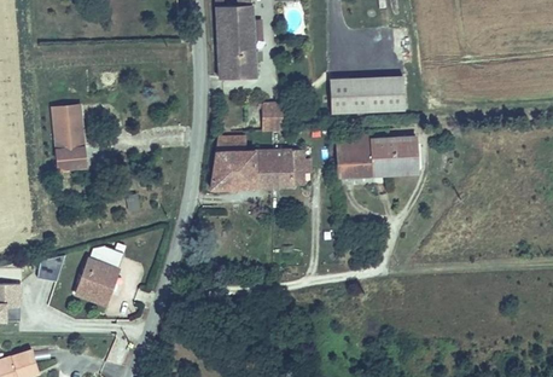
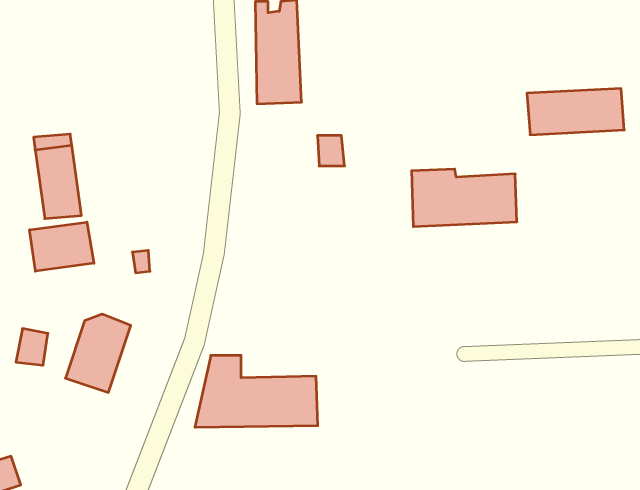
building: [330,81,403,116] -> [527,89,624,135]
building: [214,134,307,188] -> [195,355,318,427]
building: none -> [30,222,94,271]

